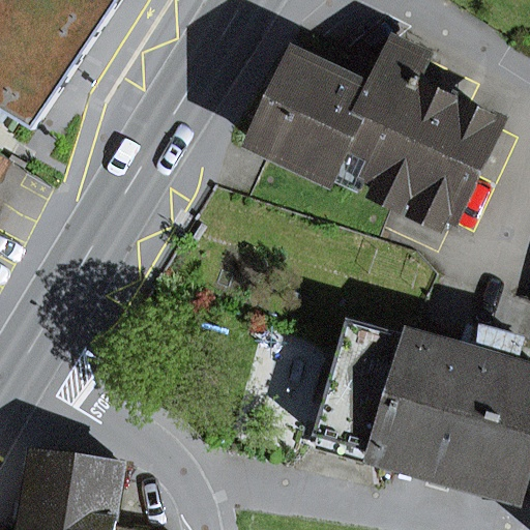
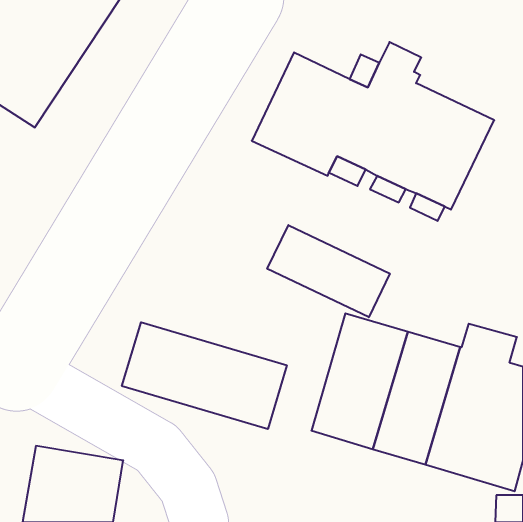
building: none -> [267,225,390,317]
building: none -> [122,322,287,429]

